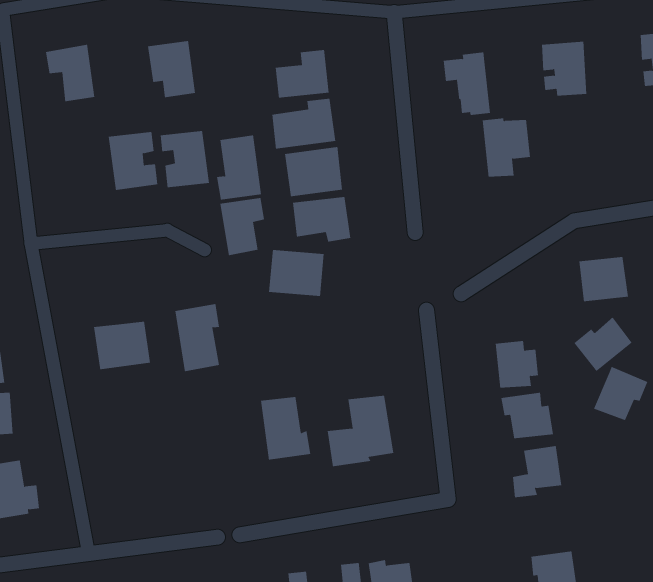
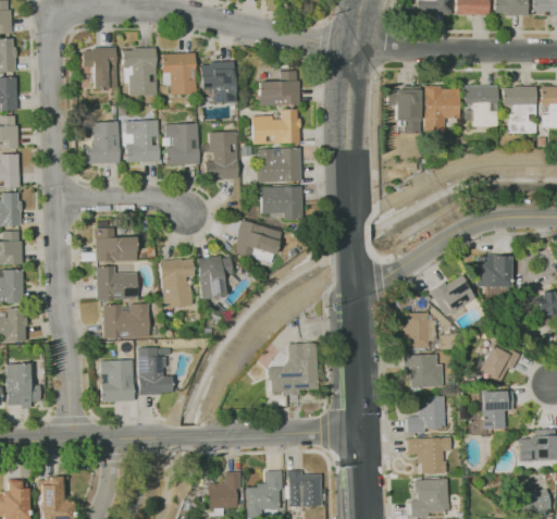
building: none -> [504,86,536,133]
building: none -> [122,48,156,95]
building: none -> [199,61,235,103]
building: [482,118,531,177] -> [425,86,460,132]
building: none -> [84,121,119,163]
building: [220,197,265,256] -> [198,256,232,298]
building: none -> [95,227,136,261]
building: [573,316,633,372] -> [430,273,475,314]
building: none -> [102,304,149,338]
building: [260,397,311,460] -> [137,347,172,394]
building: none -> [482,391,512,429]
building: none -> [99,359,134,401]
building: none -> [407,436,450,472]

